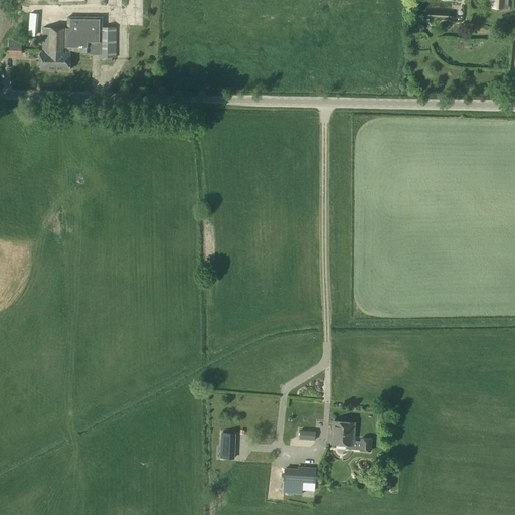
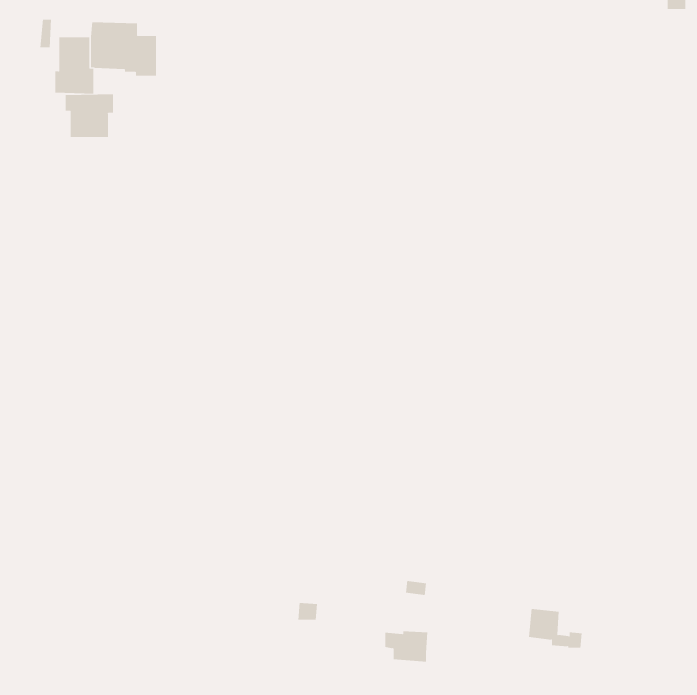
building: none -> [65,94,113,138]
building: [331,420,371,450] -> [528,609,583,648]

